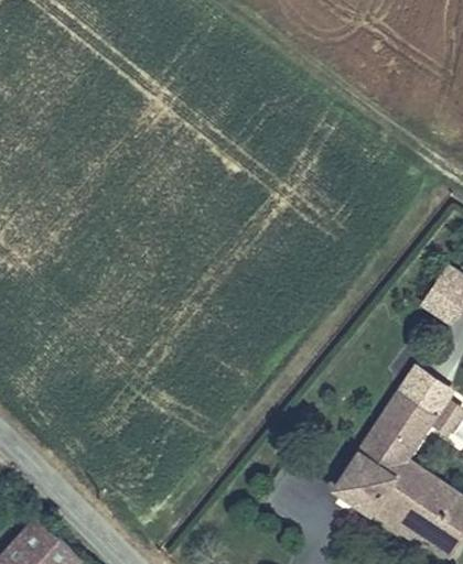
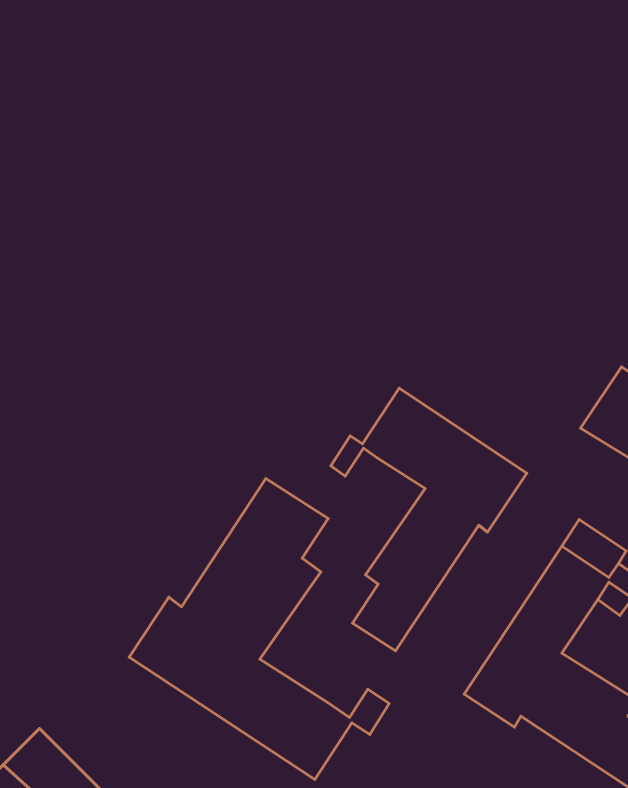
building: none -> [331,388,527,651]
building: none -> [129,479,389,780]

